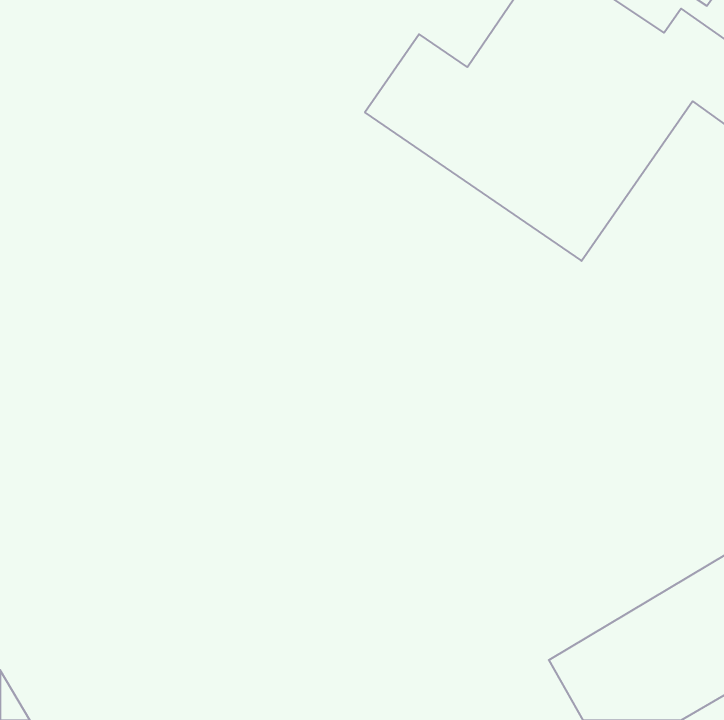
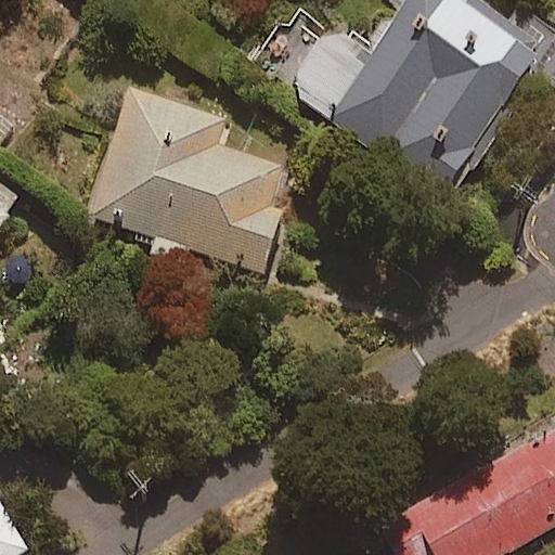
building: none -> [90,89,284,271]

